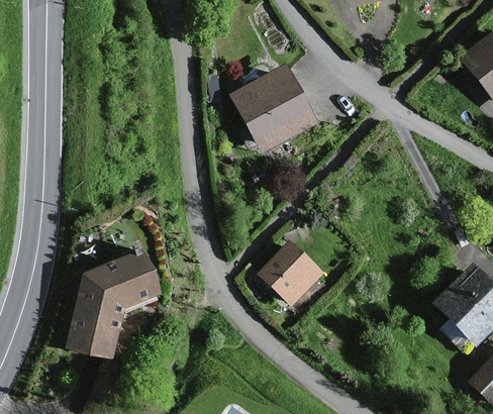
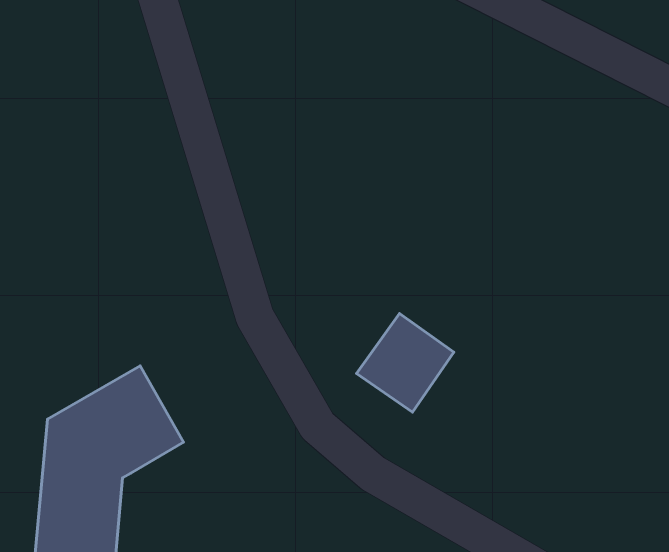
building: [239,74,307,142] -> none

